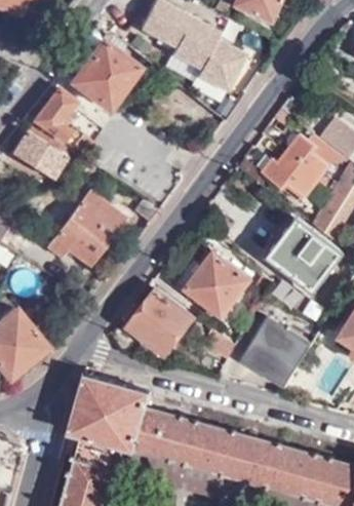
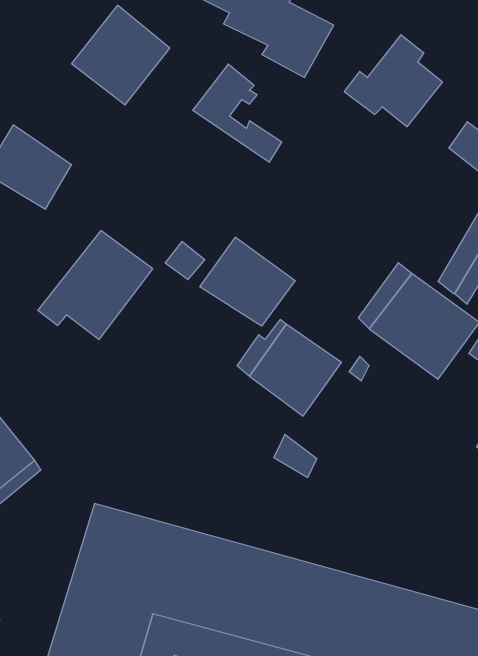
building: [34,90,93,156] -> [193,64,282,162]
building: [263,137,328,198] -> [344,35,442,127]
building: none -> [200,237,295,326]
building: [130,294,194,357] -> none
building: [241,316,310,389] -> none

